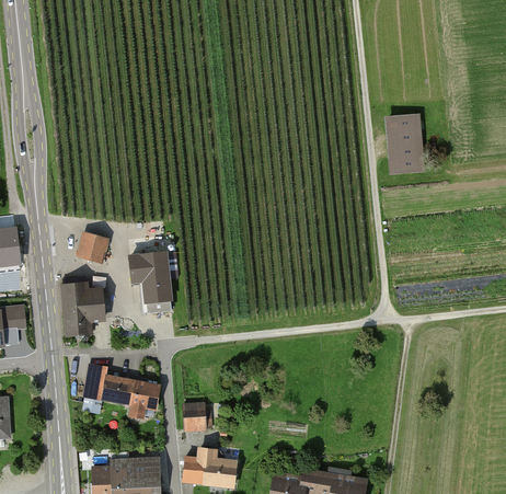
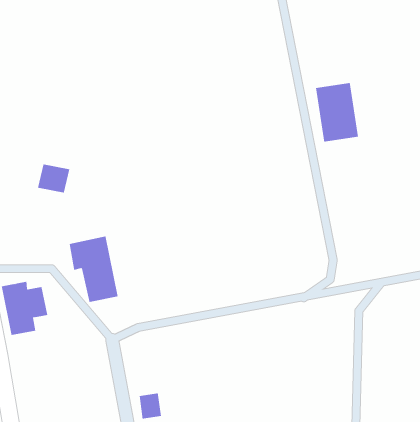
building: [77,229,111,260] -> [37,164,70,193]
building: [85,361,159,406] -> none

